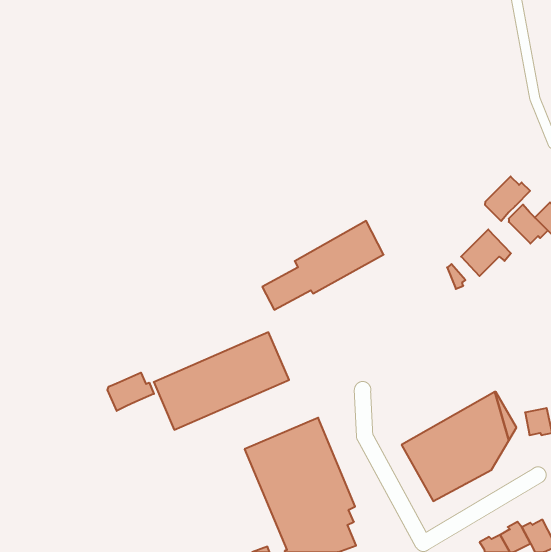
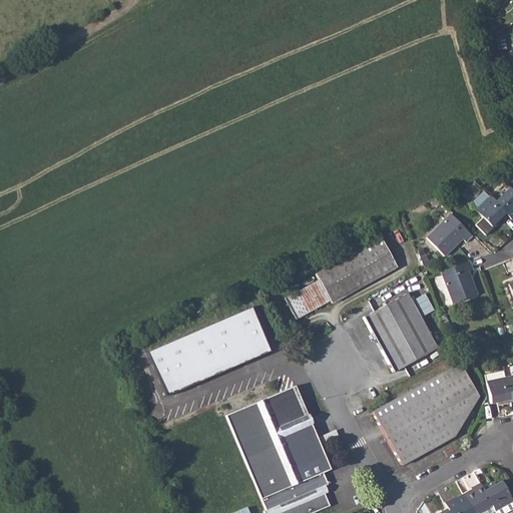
building: [485,176,530,221] -> none
building: [262,221,384,310] -> [287,236,399,319]
building: none -> [443,261,479,304]
building: none -> [365,293,439,372]
building: [108,373,154,411] -> none

